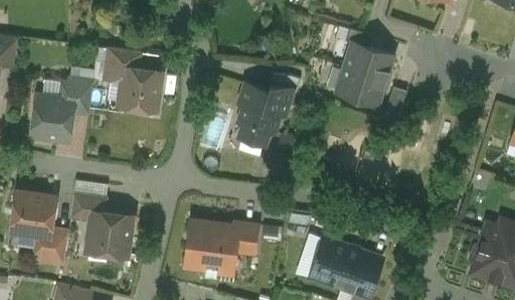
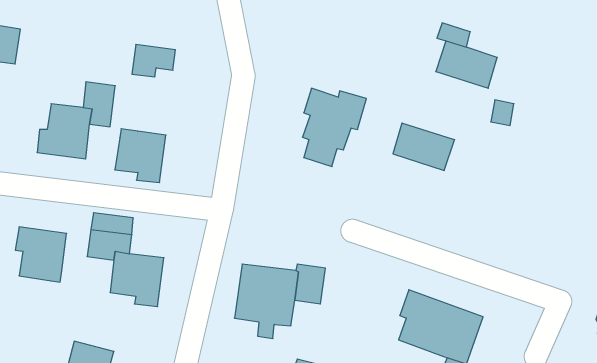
building: [119,66,159,109] -> [115,129,166,183]
building: [336,69,384,107] -> [393,123,455,170]
building: [37,228,67,262] -> none

